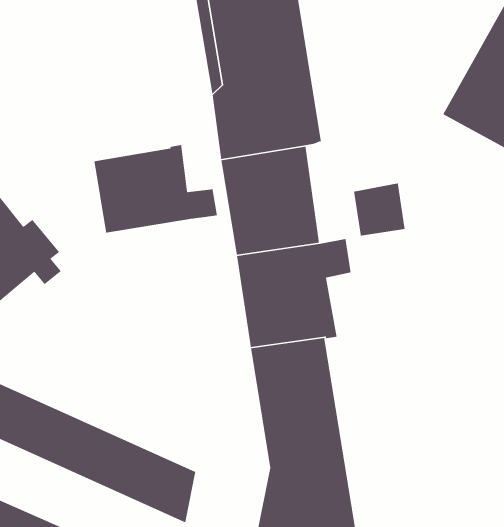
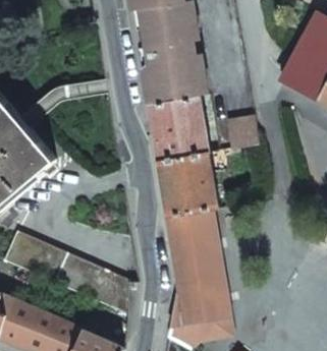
building: [93,144,218,234] -> none

